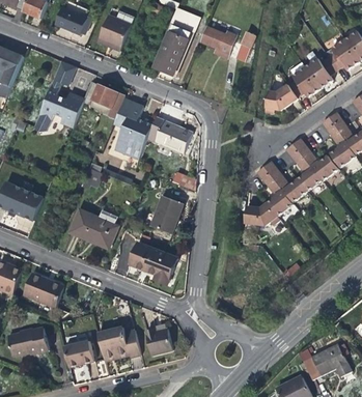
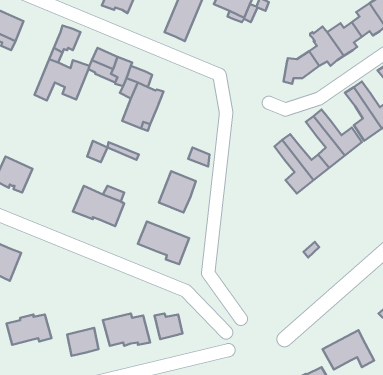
building: [147,116,192,152] -> none
building: [244,203,280,225] -> none
building: [24,273,64,307] -> none

